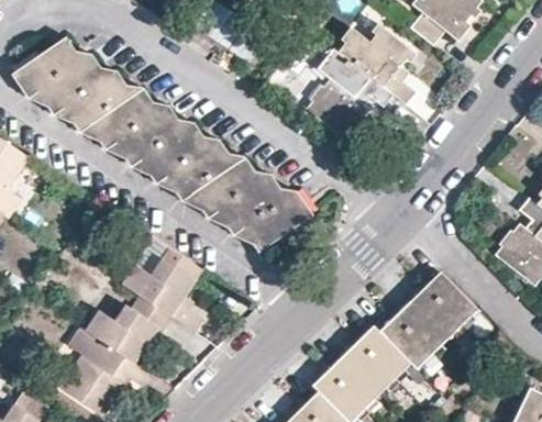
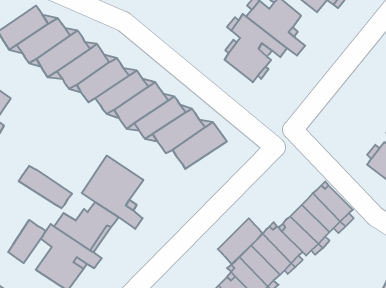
building: none -> [19,166,72,208]
building: none -> [218,218,262,264]
building: none -> [8,220,45,263]

